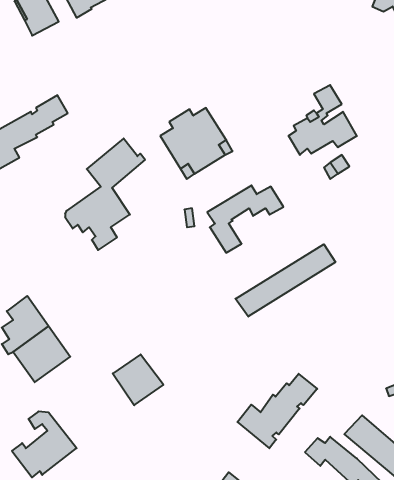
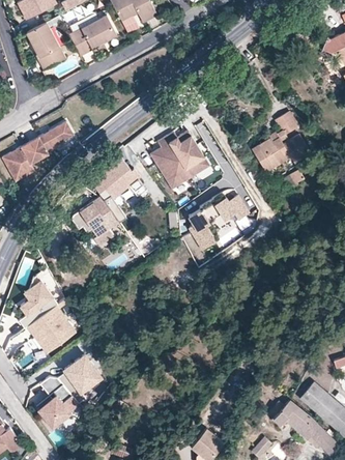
building: [235,244,335,317] -> none
building: [113,354,163,405] -> [61,353,103,395]
building: [237,374,317,448] -> none

